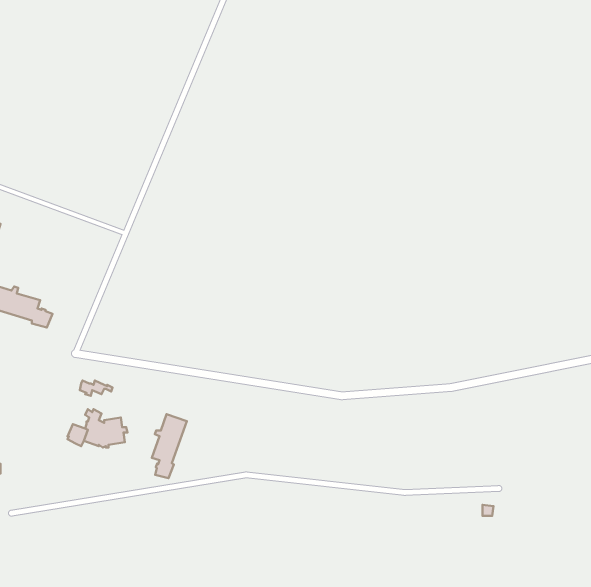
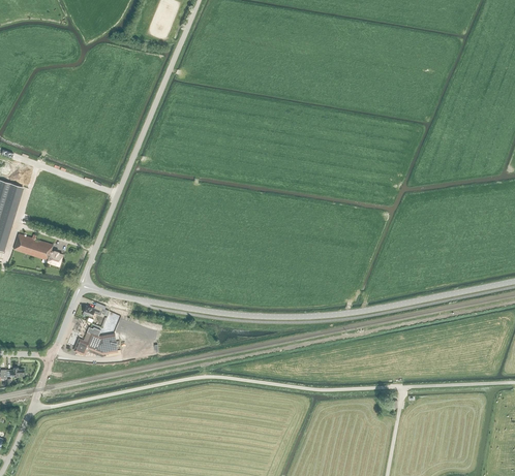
building: [152,414,187,478] -> none

